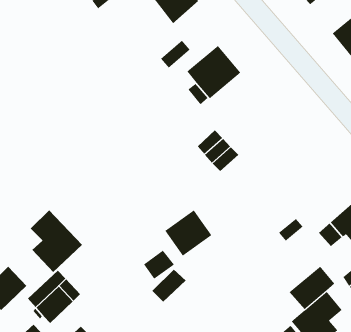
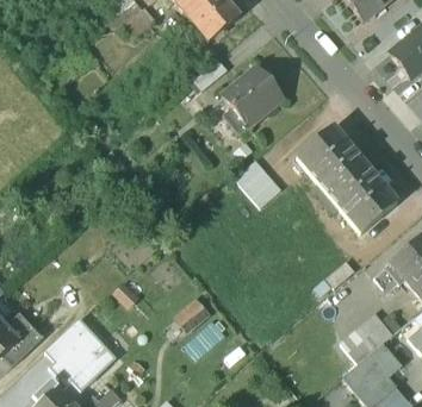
building: none -> [300,126,398,231]
building: [165,210,212,256] -> none
building: [30,210,83,273] -> none

